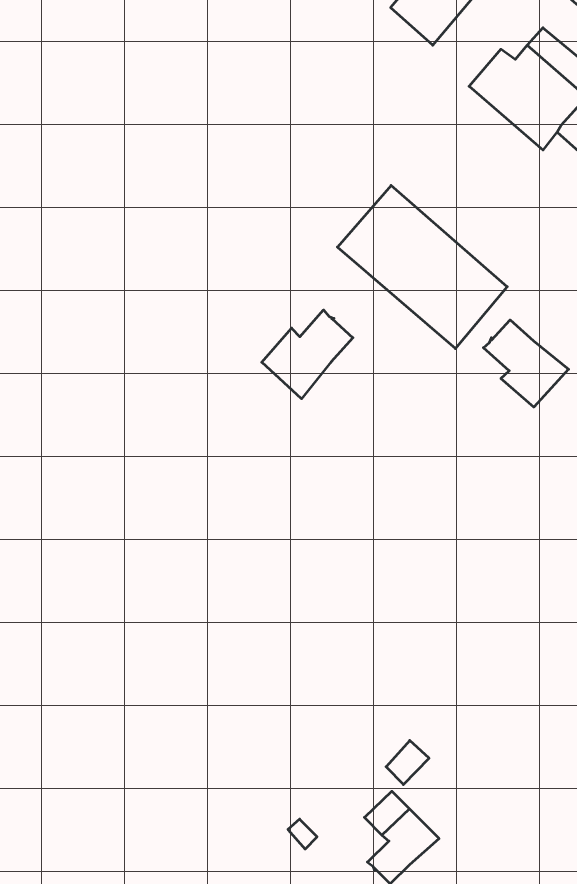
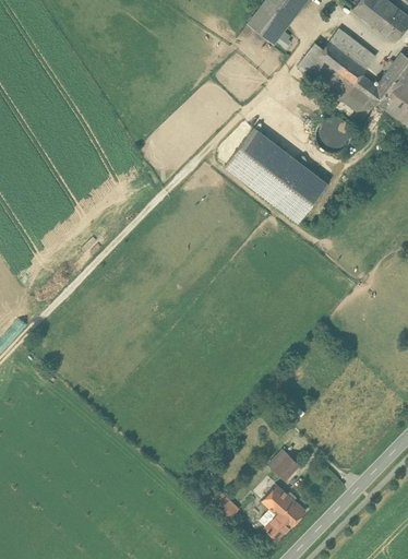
building: none -> [316,117,351,152]
building: [262,310,353,399] -> none
building: [483,320,569,407] -> none

